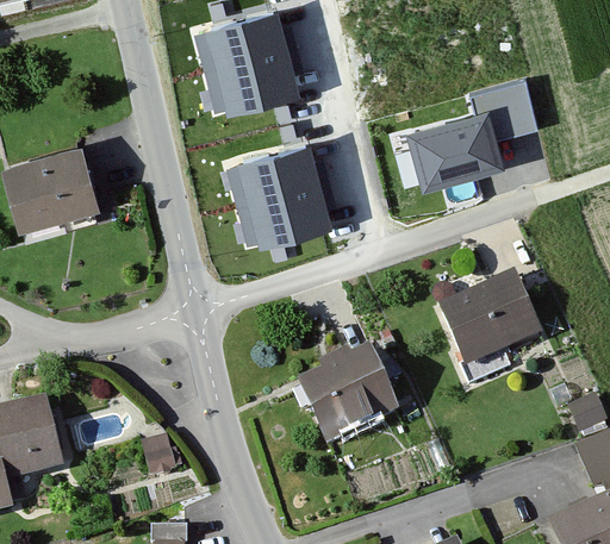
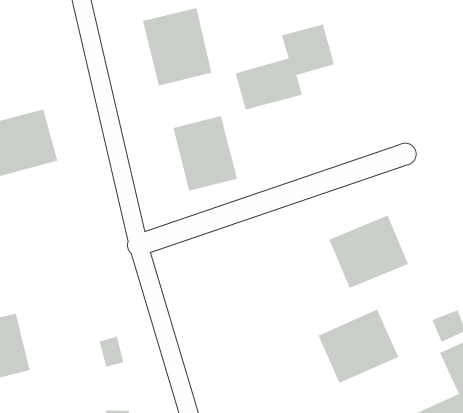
building: [412,77,539,186] -> [235,24,335,110]
building: [295,349,398,443] -> [318,309,399,384]

